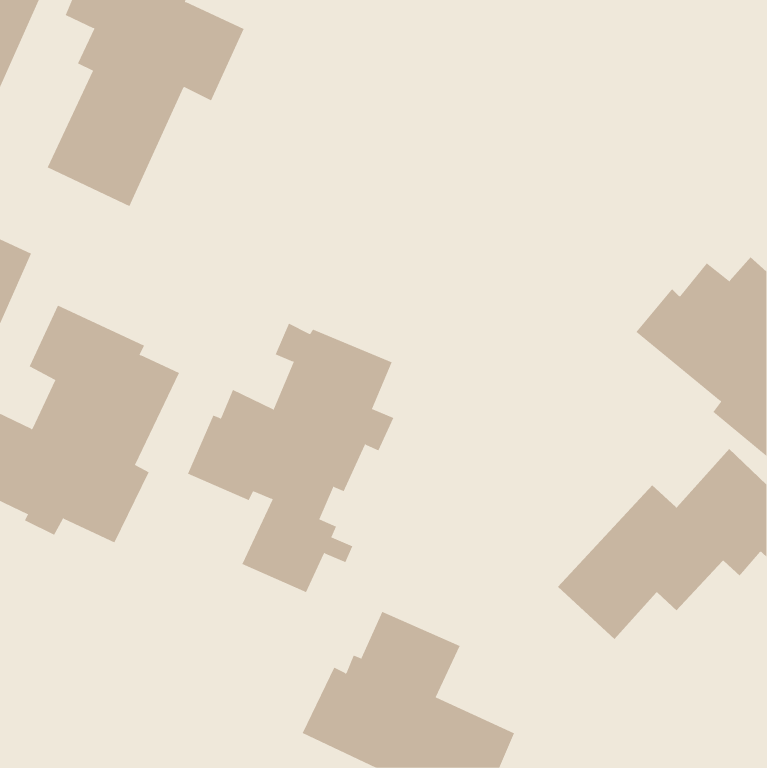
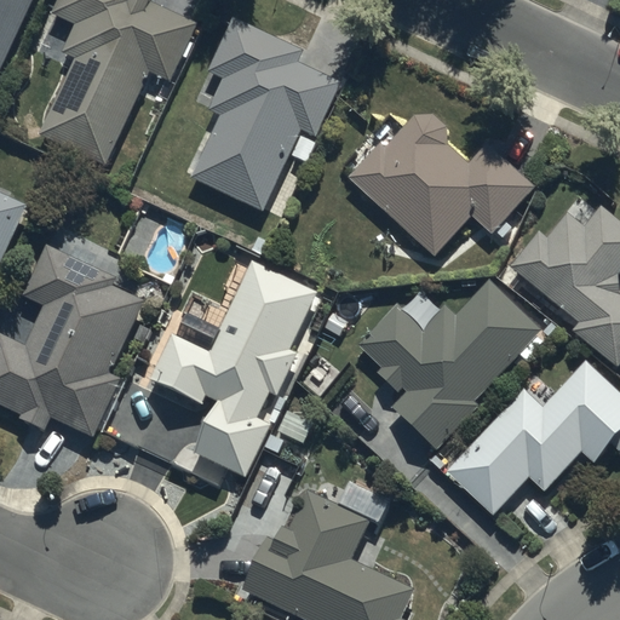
building: none -> [190,16,339,209]
building: none -> [349,114,535,256]
building: none -> [358,279,540,449]

